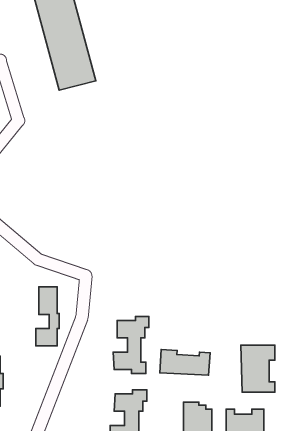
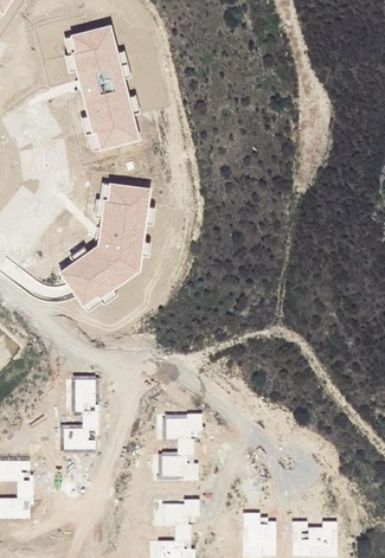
building: none -> [59,182,150,308]
building: [241,345,275,392] -> none
building: [160,350,210,375] -> none

